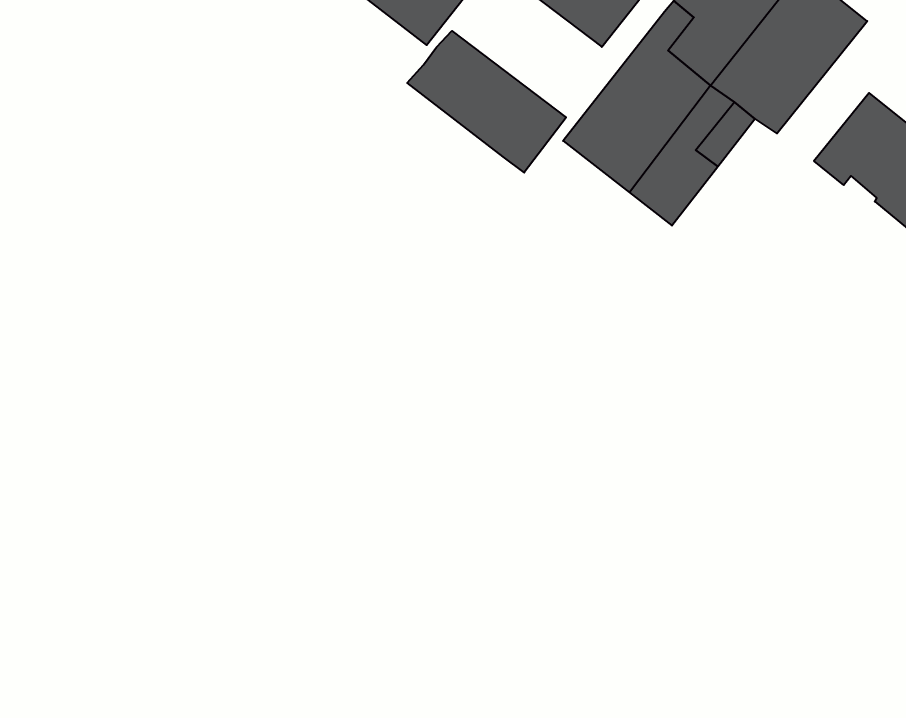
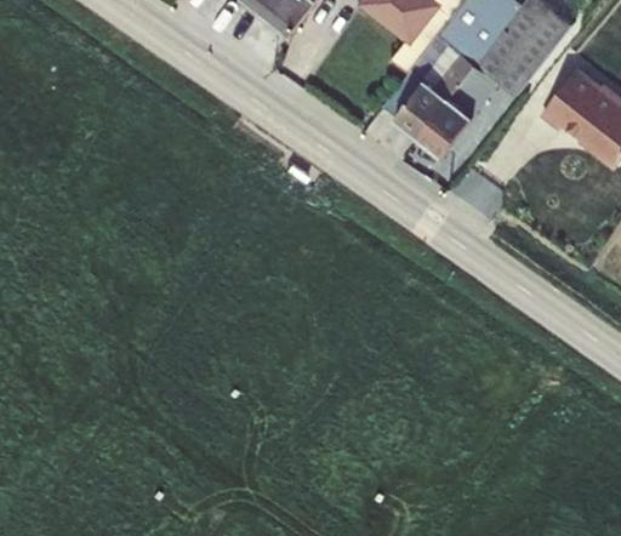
building: [407,31,566,173] -> none

